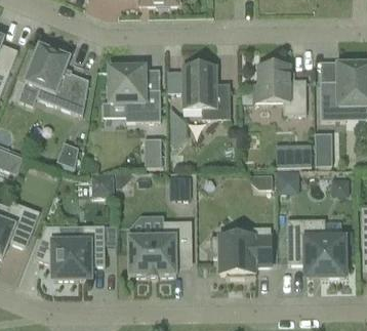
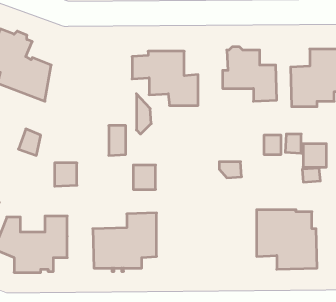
building: [107,64,160,120] -> none
building: [276,169,298,192] -> [303,144,326,167]
building: [209,226,271,277] -> none

